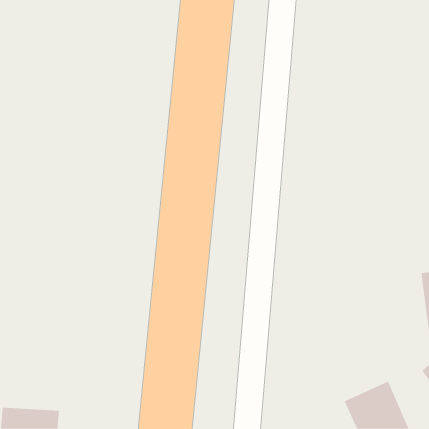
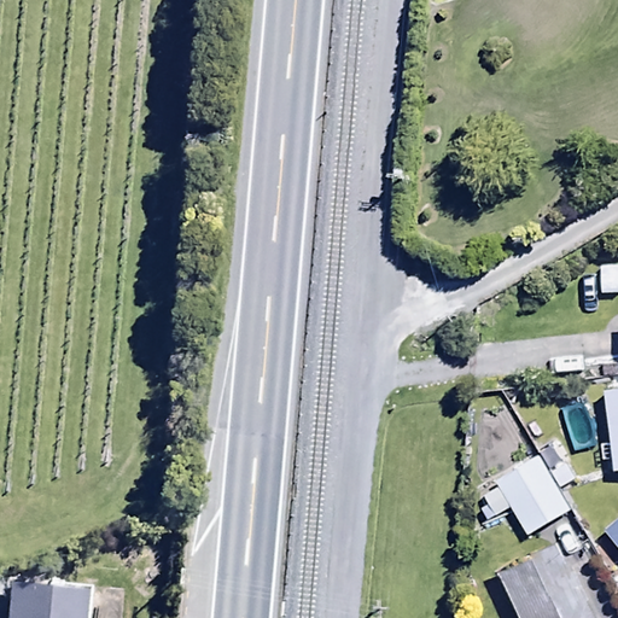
building: none -> [485,457,572,536]

